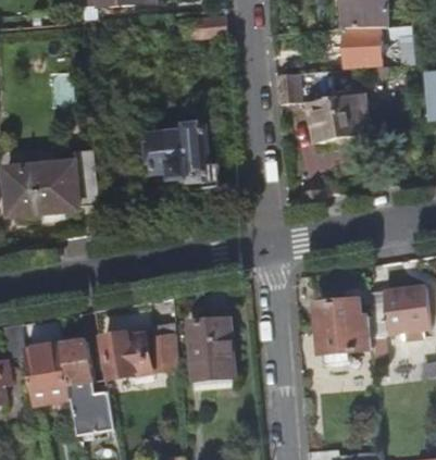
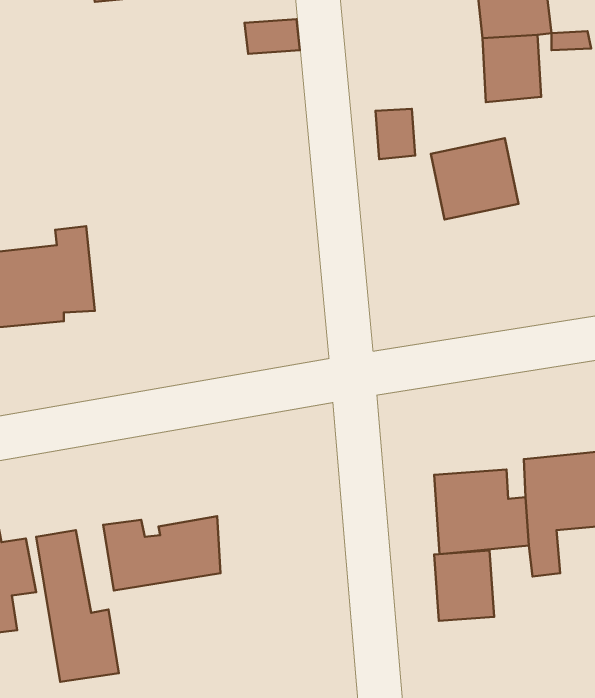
building: [150,128,209,182] -> none
building: [188,320,233,381] -> none
building: none -> [434,551,494,621]

